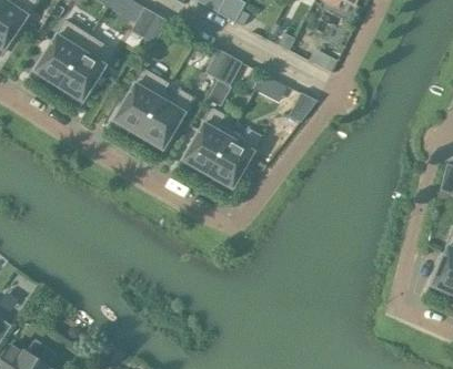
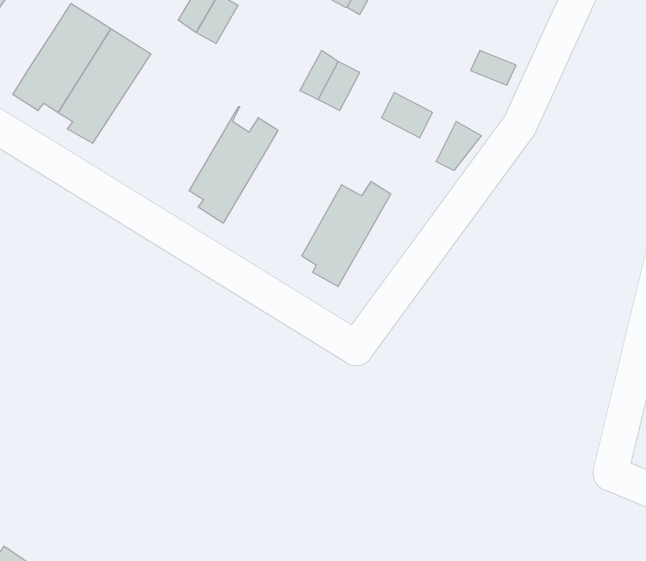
building: [110,69,168,134] -> none
building: [179,107,231,174] -> none

